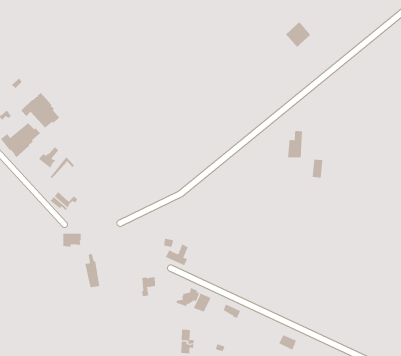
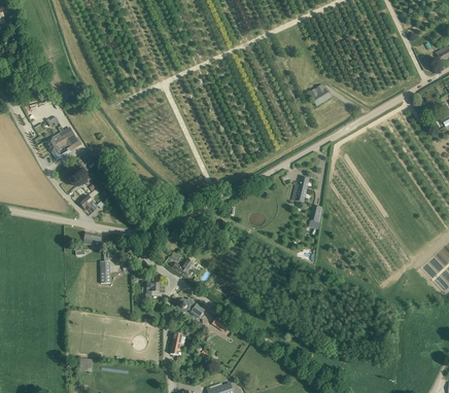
building: [20,92,60,128] -> none

